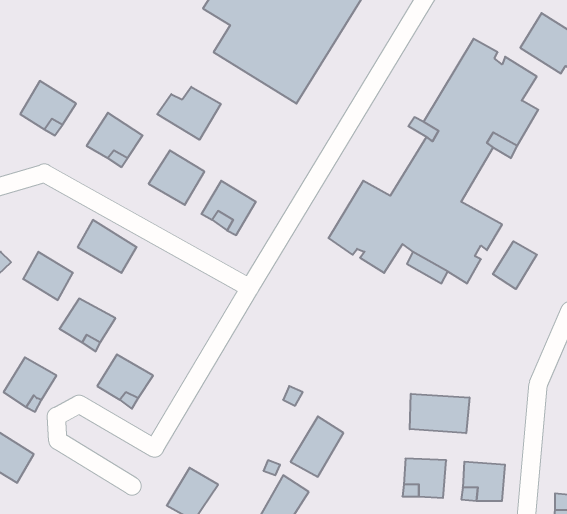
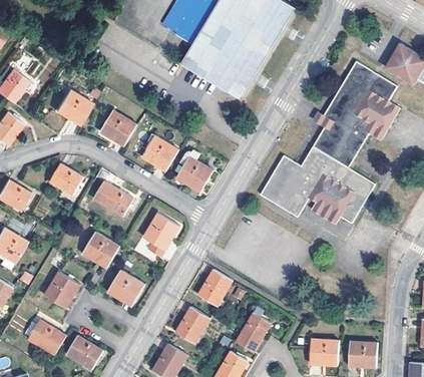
building: [157,87,221,140] -> none
building: [493,241,537,289] -> none
building: [23,252,73,300] -> [50,163,83,196]
building: none -> [143,213,179,256]
building: none -> [198,269,232,305]
building: [410,394,469,433] -> none
building: none -> [175,306,209,343]
building: none -> [65,337,102,370]

